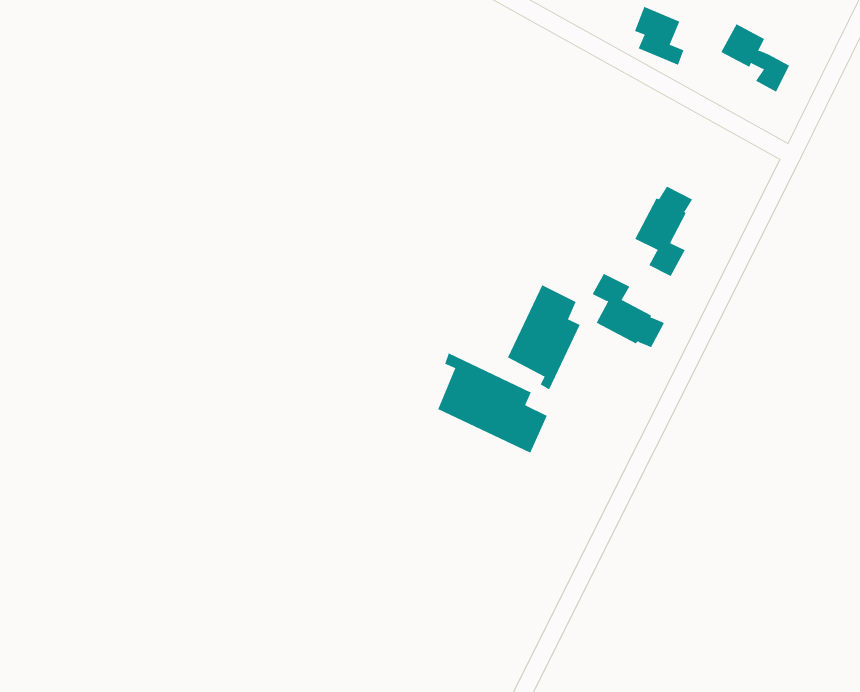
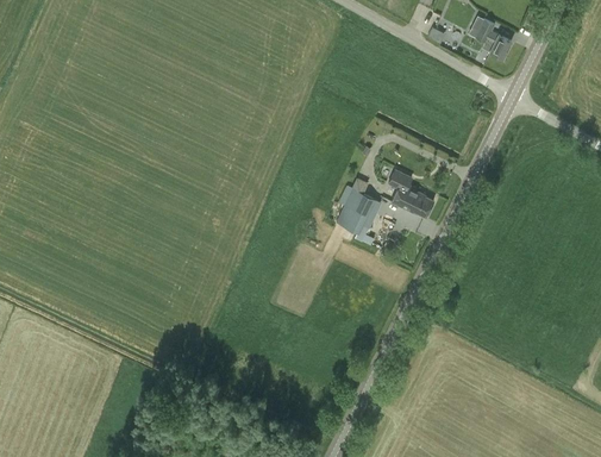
building: [635,186,693,277] -> none
building: [438,353,547,454] -> none

